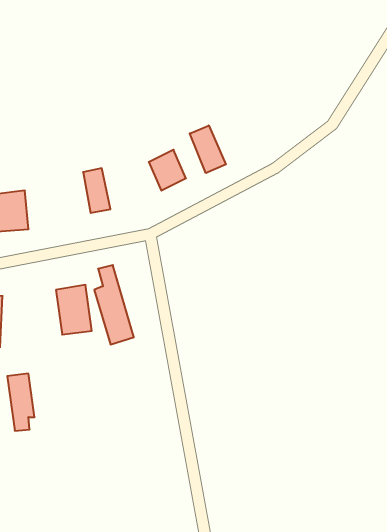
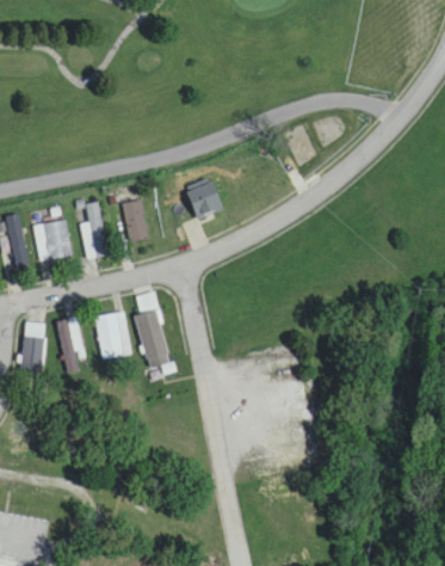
building: [190,125,226,173] -> none
building: none -> [82,202,106,258]
building: [7,374,35,431] -> [58,318,85,373]

